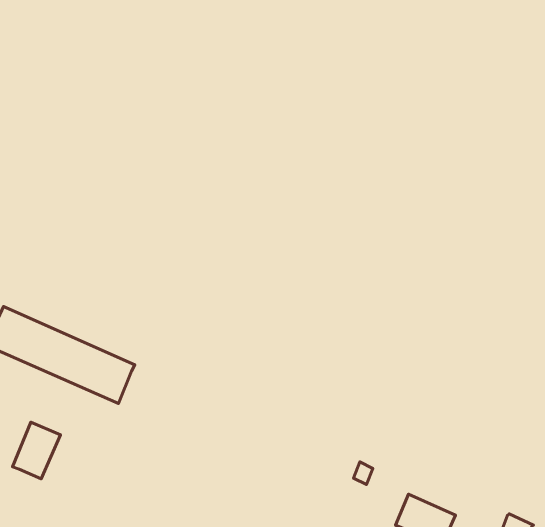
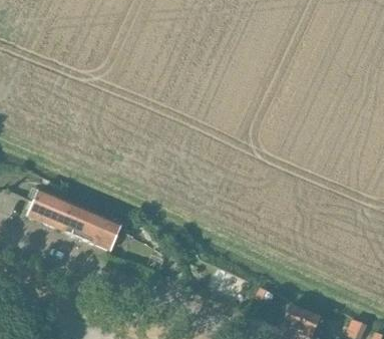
building: [13,422,61,479] -> none

